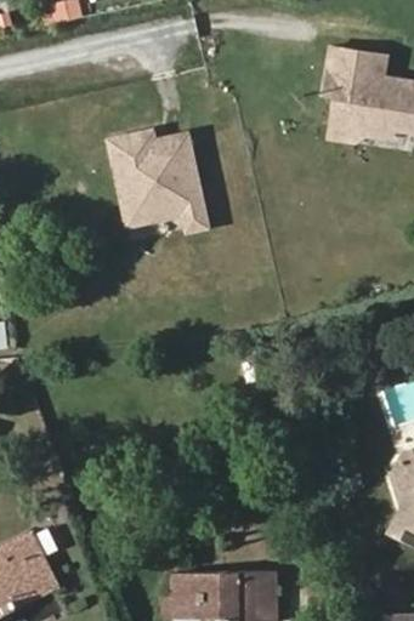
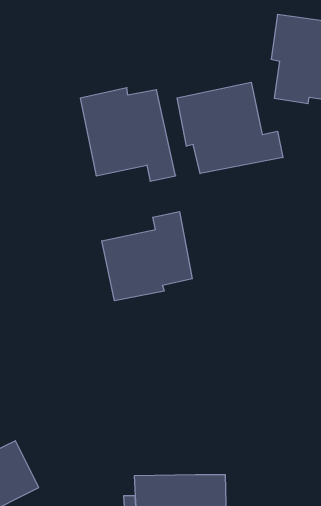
building: none -> [177,82,283,174]
building: none -> [102,212,192,301]

